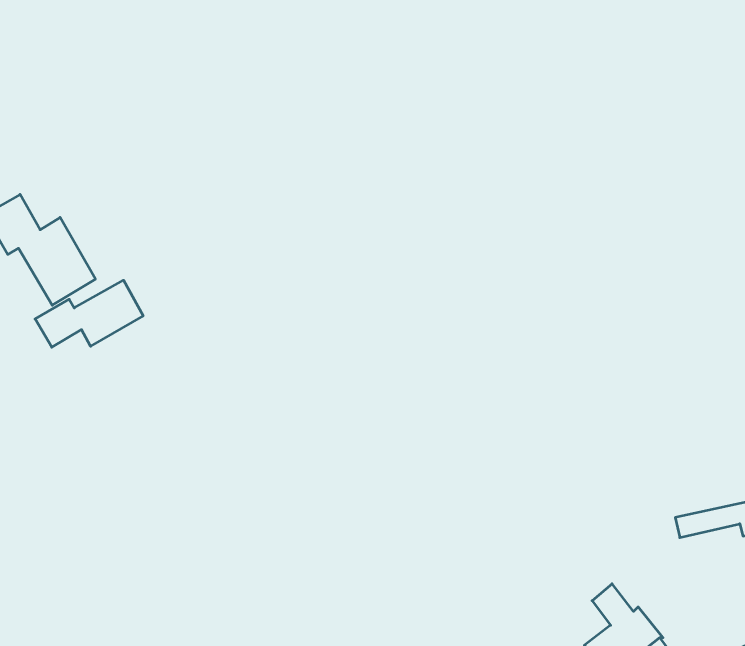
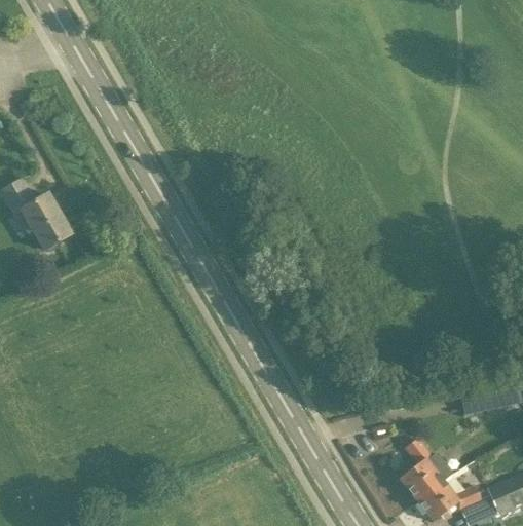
building: [35,280,143,347] -> none

